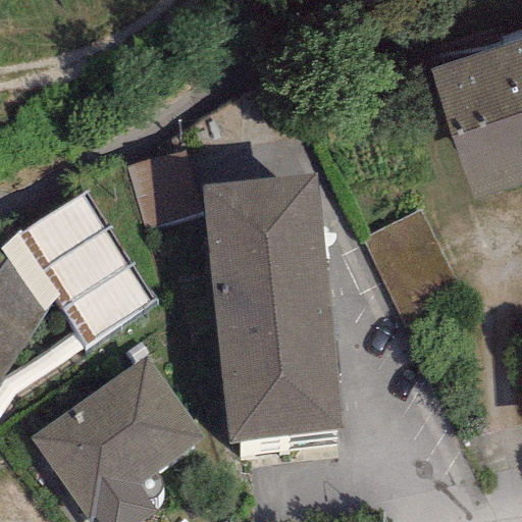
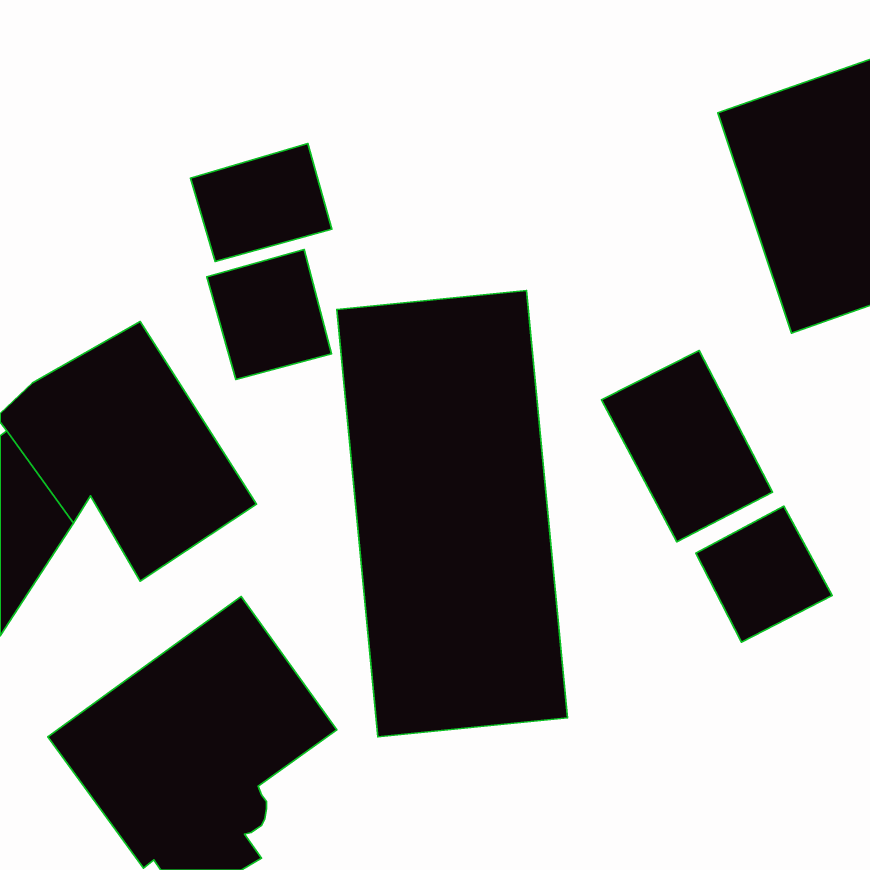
building: none -> [190,144,332,262]
building: none -> [696,506,832,642]

